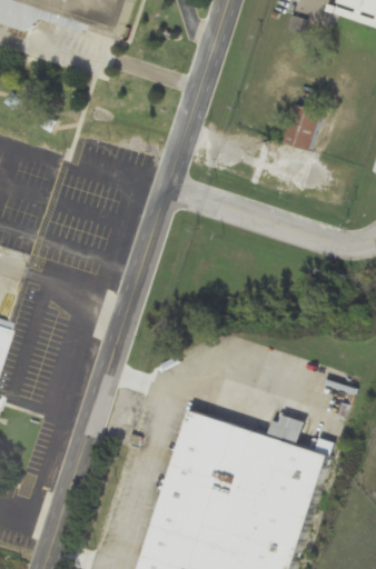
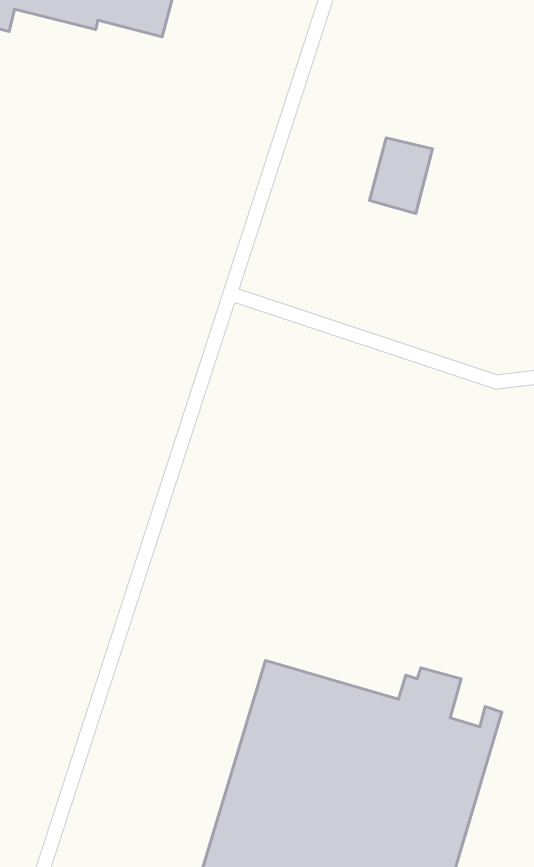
building: [284,104,321,150] -> [370,138,432,213]

